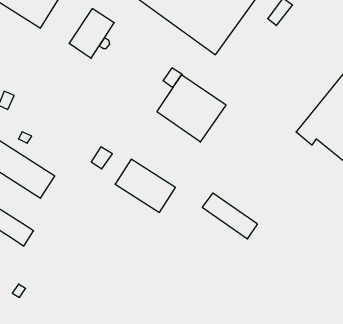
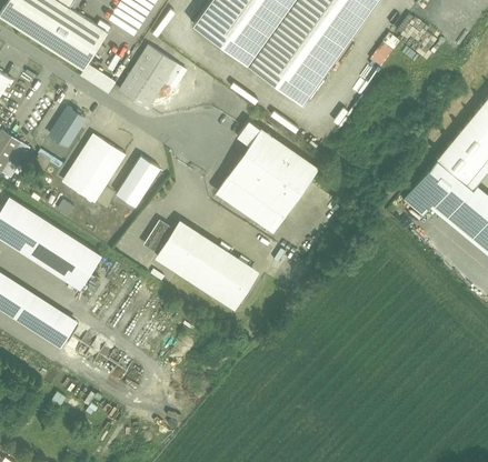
building: none -> [50,109,84,148]
building: none -> [67,138,126,204]
building: none -> [116,158,159,208]
building: none -> [157,223,197,268]
building: [202,193,257,239] -> [215,175,283,233]

